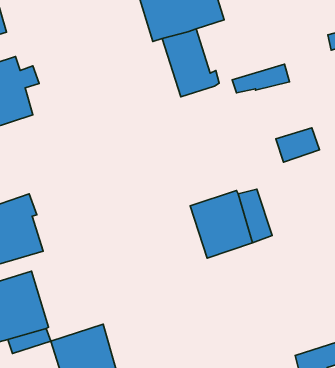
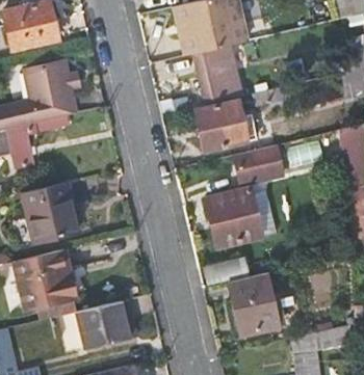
building: none -> [191,98,256,153]
building: none -> [234,142,284,186]
building: none -> [227,273,278,338]

